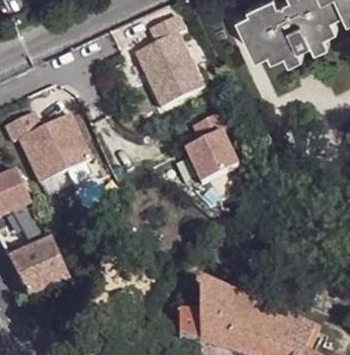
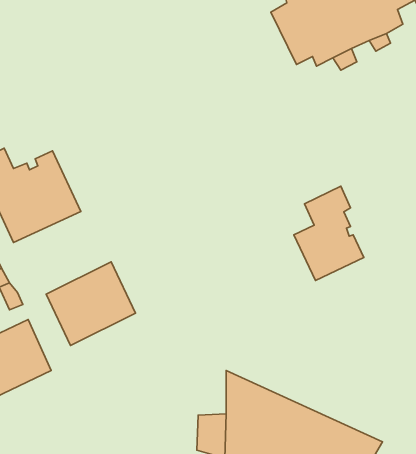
building: [136,19,203,110] -> none
building: [184,114,237,185] -> [294,186,364,281]
building: none -> [46,262,135,345]

